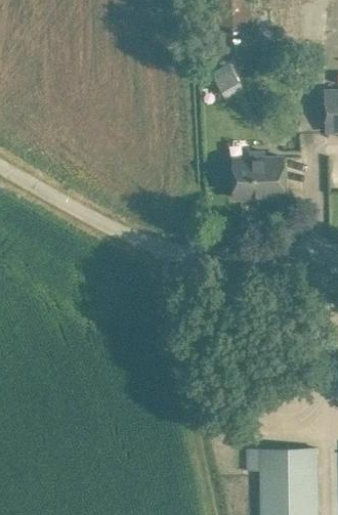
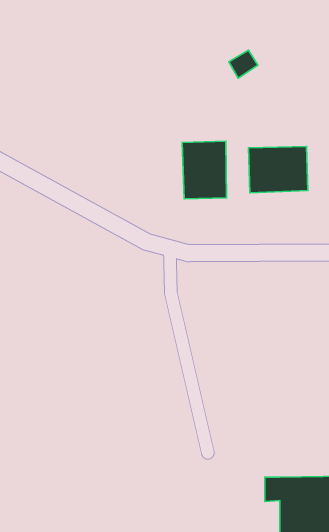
building: none -> [182,141,227,199]

